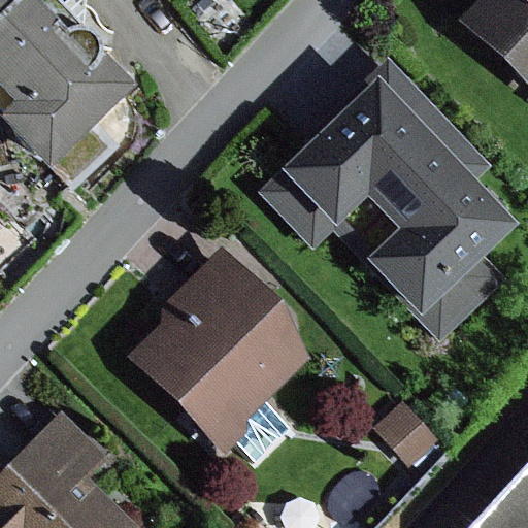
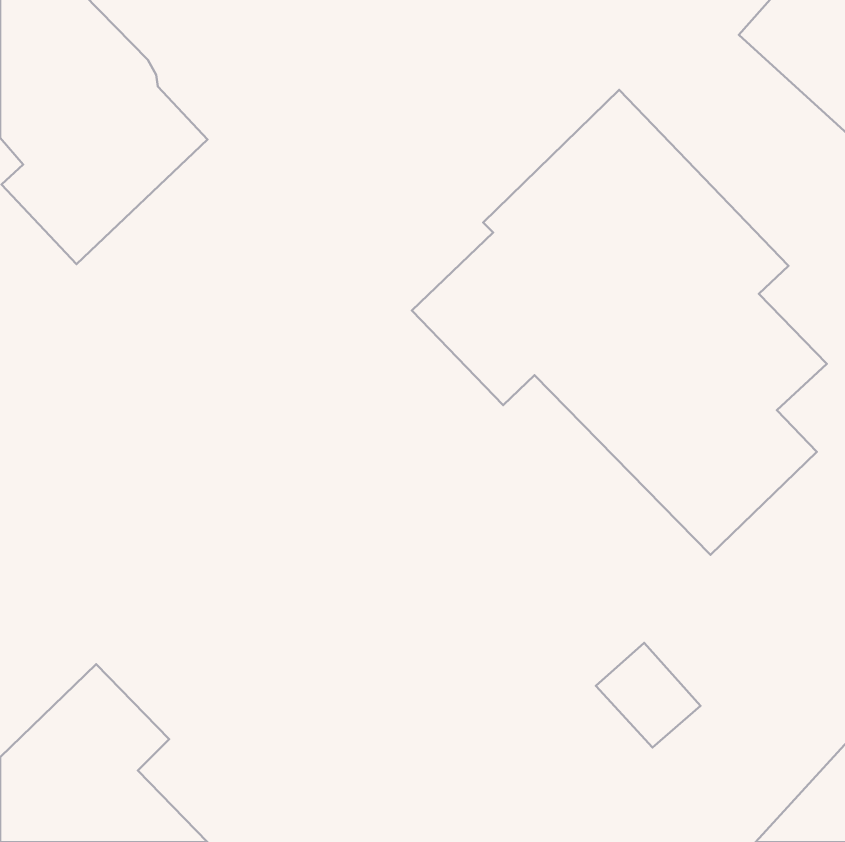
building: [129,246,309,461] -> none

